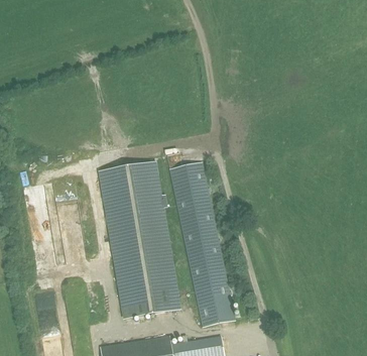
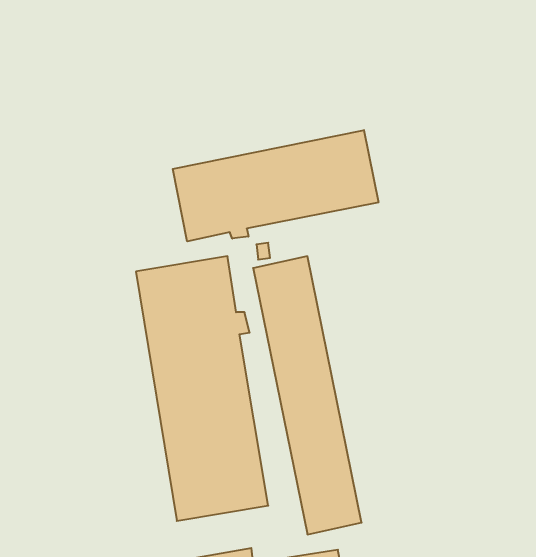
building: none -> [173,130,378,241]

